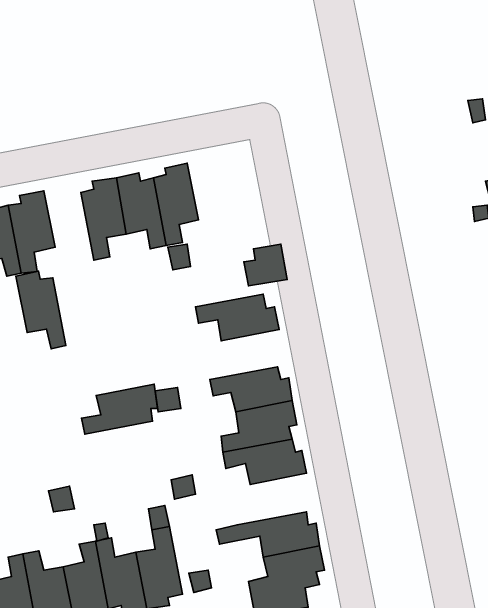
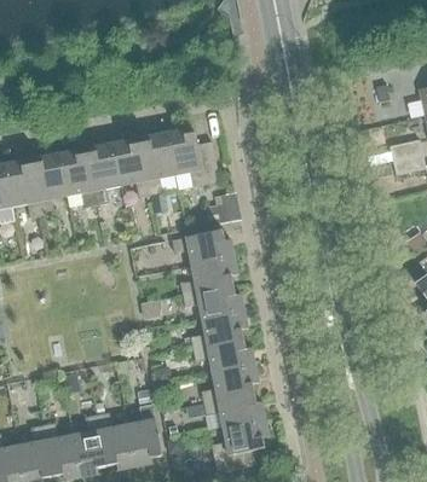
building: none -> [165,128,218,186]
building: [16,271,66,349] -> [57,149,94,207]
building: [82,384,157,434] -> [179,256,236,294]
building: none -> [200,364,258,402]

